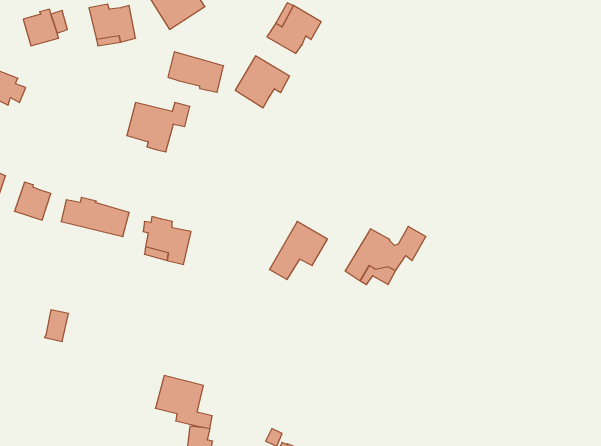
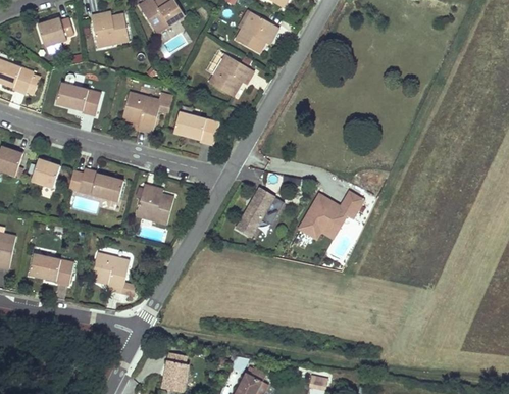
building: [168,52,224,92] -> [172,111,217,144]
building: none -> [55,83,100,114]
building: none -> [29,253,59,280]
building: [155,375,212,429] -> [90,252,136,295]

